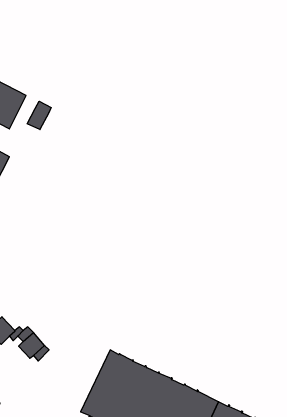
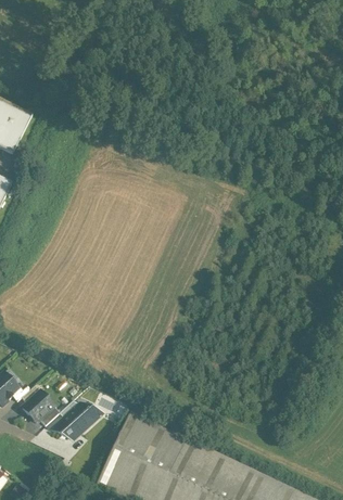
building: [27,101,51,130] -> none
building: none -> [52,402,101,440]

